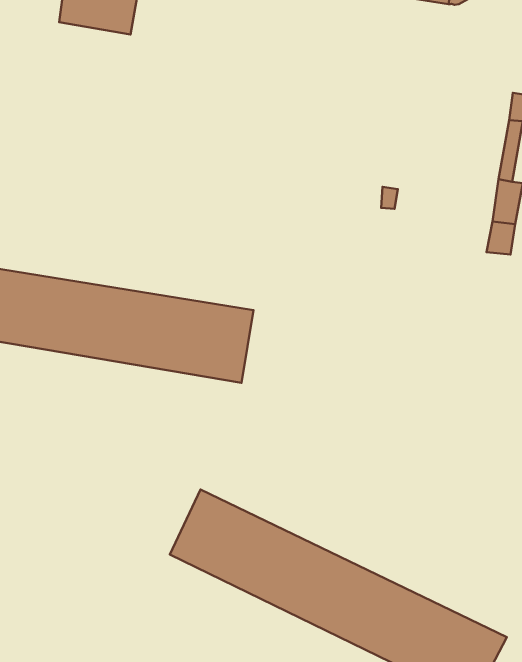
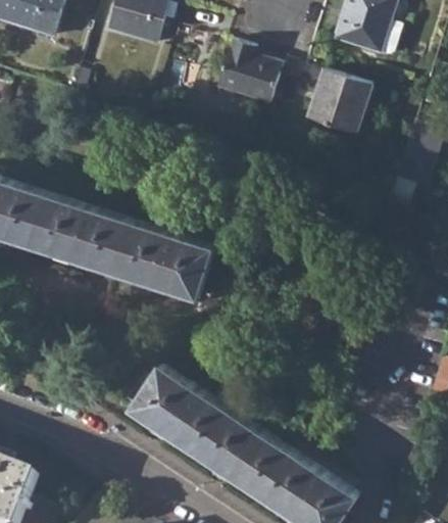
building: none -> [218,42,282,102]
building: none -> [305,72,370,136]

